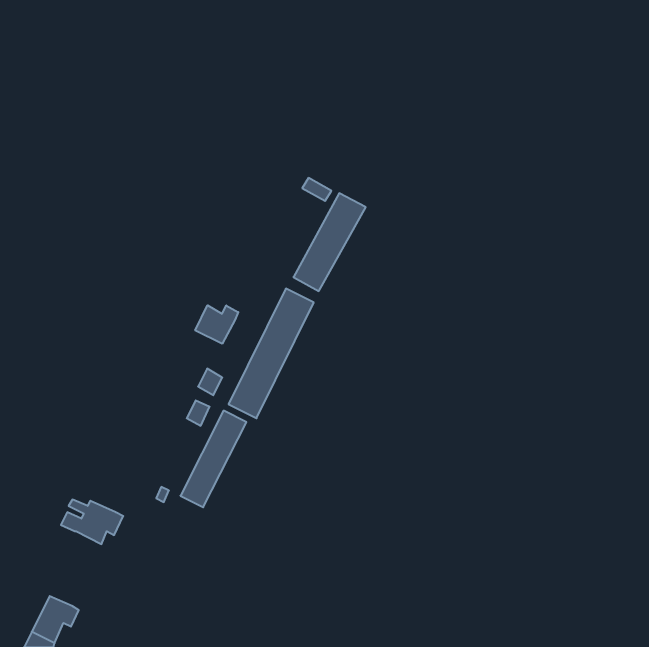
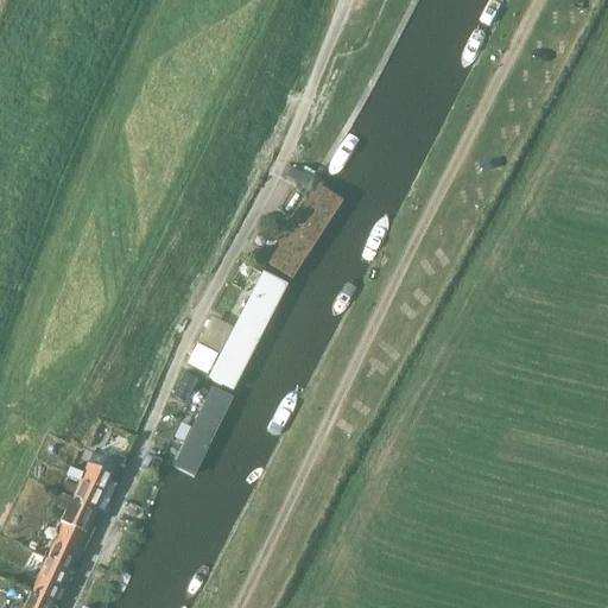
building: [195,305,238,344] -> none
building: none -> [46,490,95,566]

